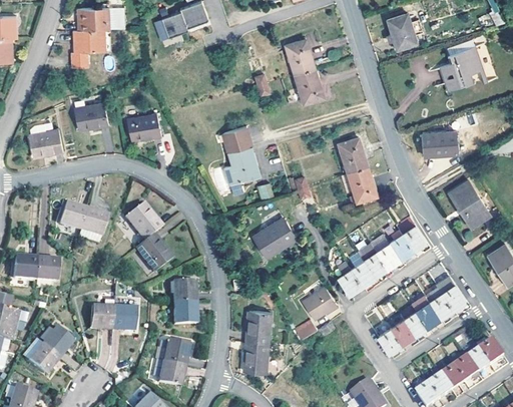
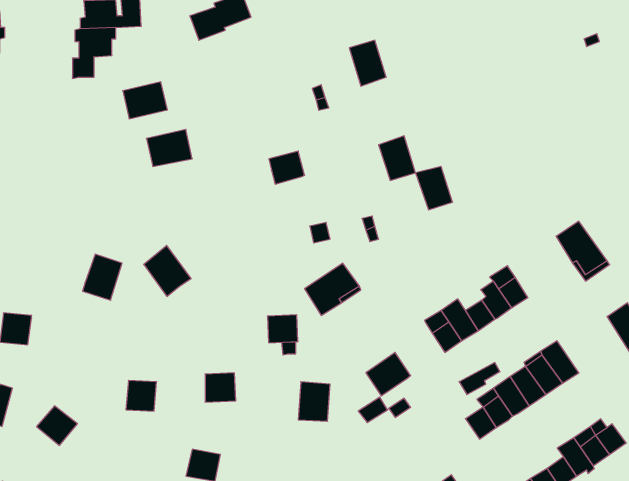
building: [386,15,415,50] -> none
building: [439,48,483,93] -> none
building: [296,68,325,103] -> [379,136,416,180]
building: [75,100,110,129] -> [123,82,167,119]
building: [30,116,64,156] -> none
building: [423,133,457,157] -> none
building: [223,146,258,184] -> none
building: [349,166,377,201] -> none
building: [60,201,87,230] -> none
building: [135,233,171,272] -> none
building: [34,256,58,282] -> none
building: [339,262,362,294] -> none
building: [172,280,196,302] -> [267,315,298,343]
building: [91,306,113,330] -> none
building: [243,338,270,371] -> none
building: [155,339,189,365] -> none
building: [28,343,59,374] -> none

